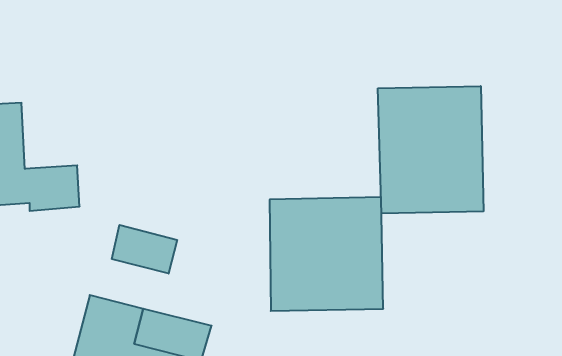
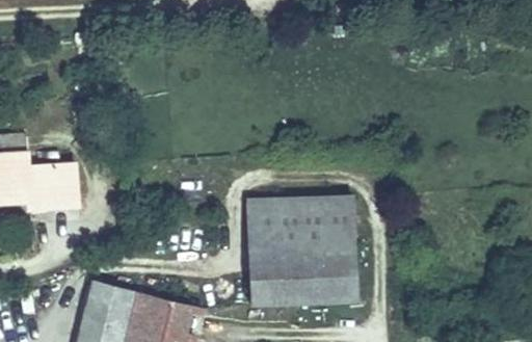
building: [378,86,483,213] -> none
building: [112,225,177,274] -> none

